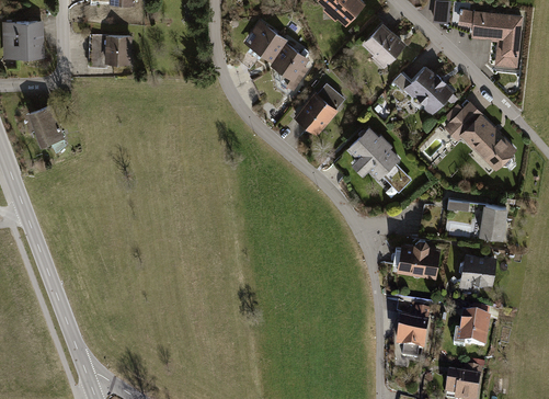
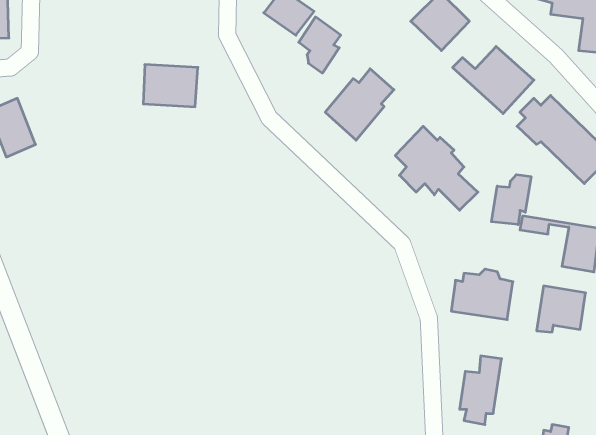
building: [89,34,131,67] -> [143,65,198,107]
building: none -> [491,175,531,225]
building: [451,306,491,351] -> none

